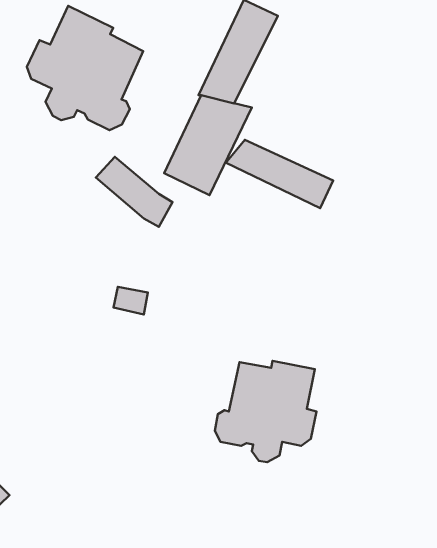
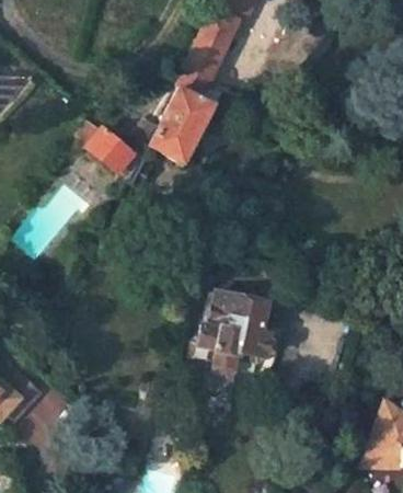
building: [27,6,143,130] -> none
building: [225,140,333,208] -> none

